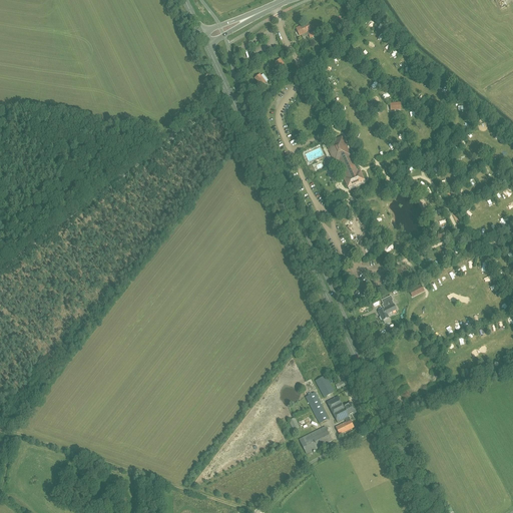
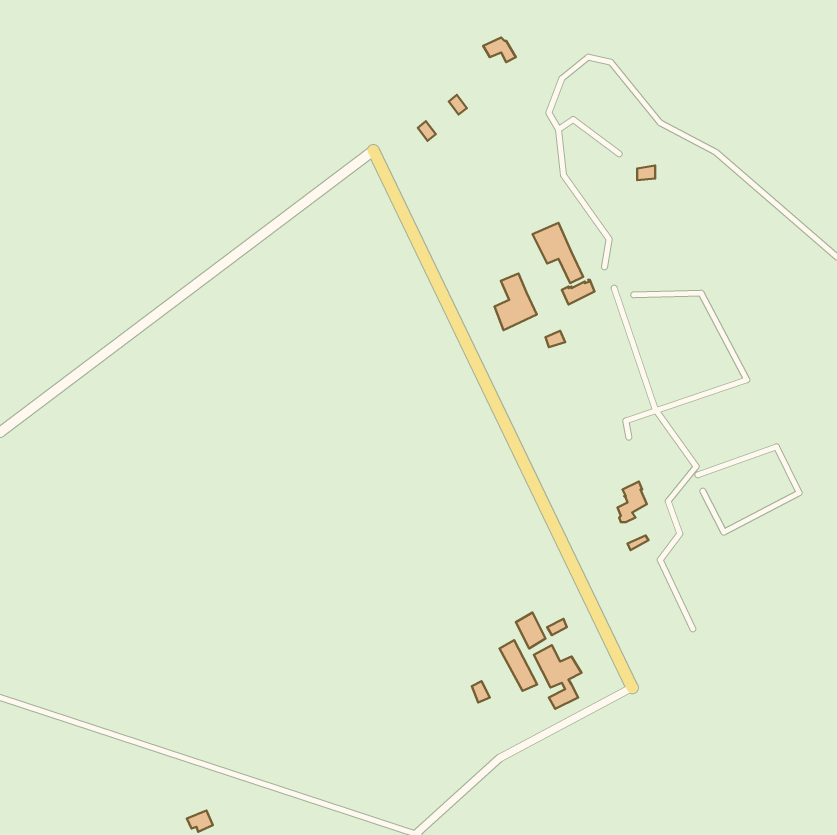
building: none -> [495,273,537,330]
building: [299,426,332,453] -> none

